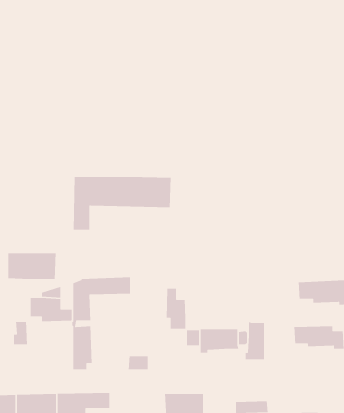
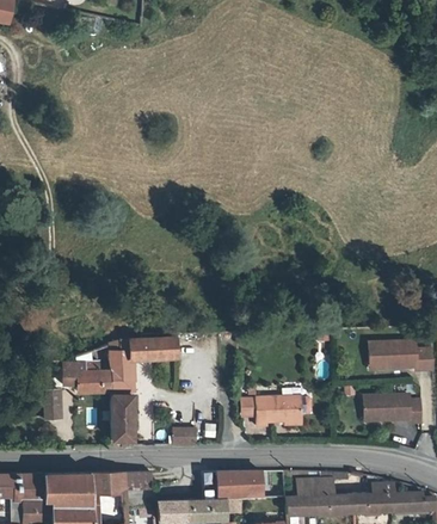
building: [73,176,171,231] -> none
building: [8,252,57,280] -> none
building: [166,288,186,330] -> none
building: [245,321,265,360] -> none

